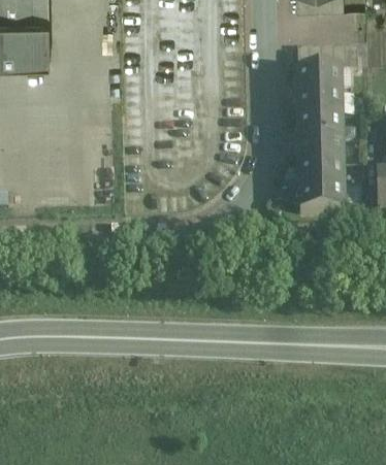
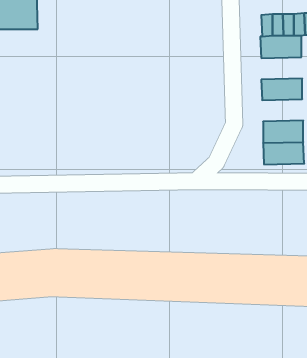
building: [296,93,342,118] -> none
building: [297,139,343,164] -> none

